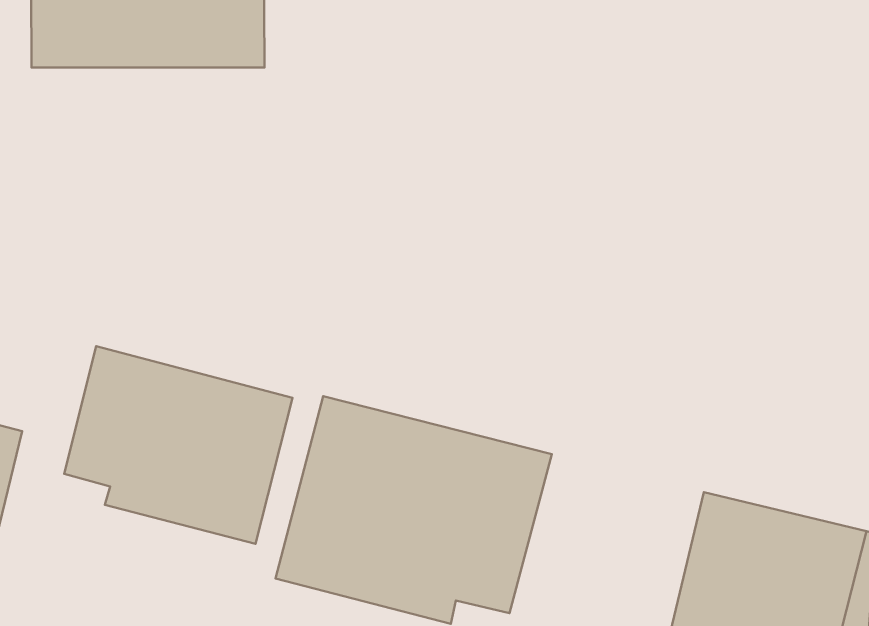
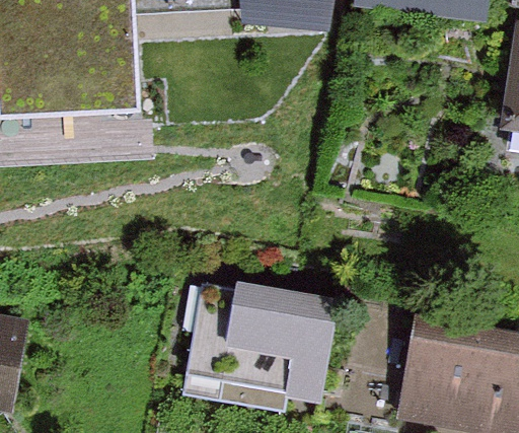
building: [64,346,293,544] -> none

